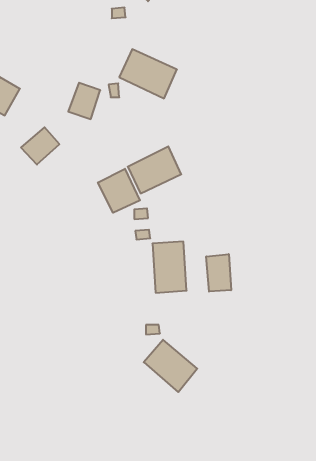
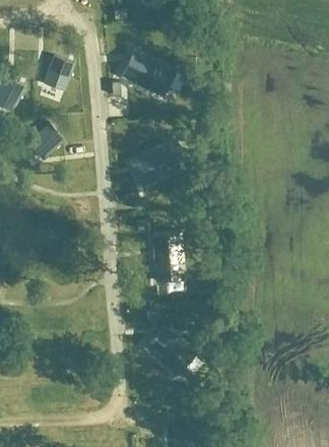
building: [68,83,100,119] -> [44,54,74,88]
building: [98,169,140,213] -> none
building: [206,254,231,292] -> none

